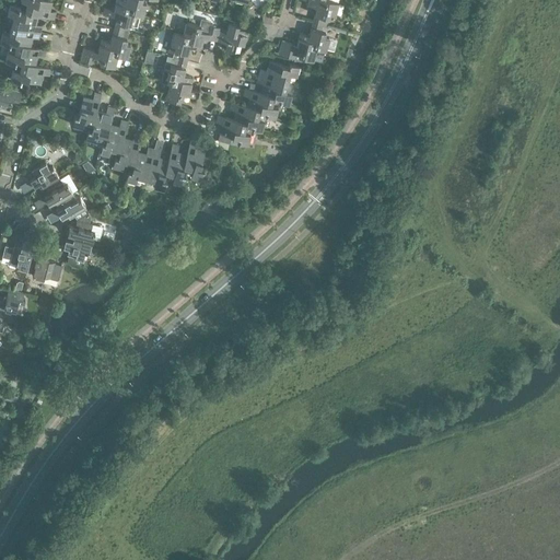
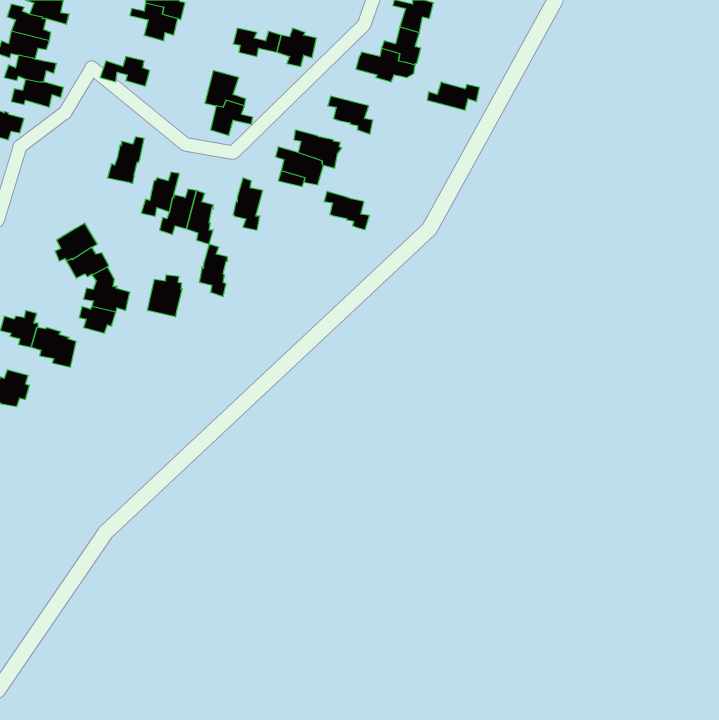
building: [97,28,128,58] -> none
building: [165,32,199,61] -> none
building: [256,61,296,83] -> [427,82,479,110]
building: [241,89,276,118] -> [324,192,369,230]
building: [70,93,98,131] -> none
building: [96,120,126,155] -> none
building: [162,144,184,185] -> [199,244,227,296]
building: [27,162,57,187] -> none
building: none -> [148,275,182,317]

